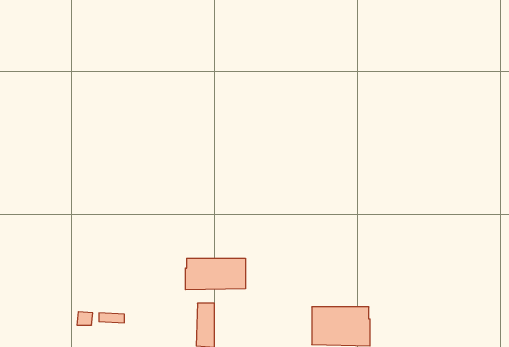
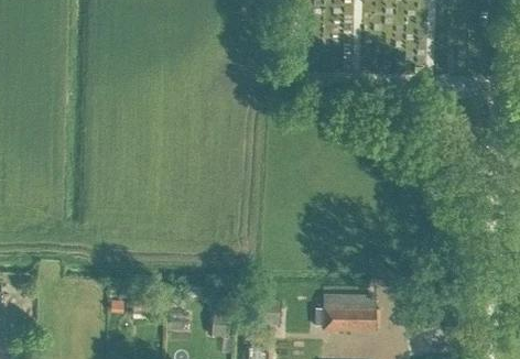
building: [185,258,245,290] -> none

